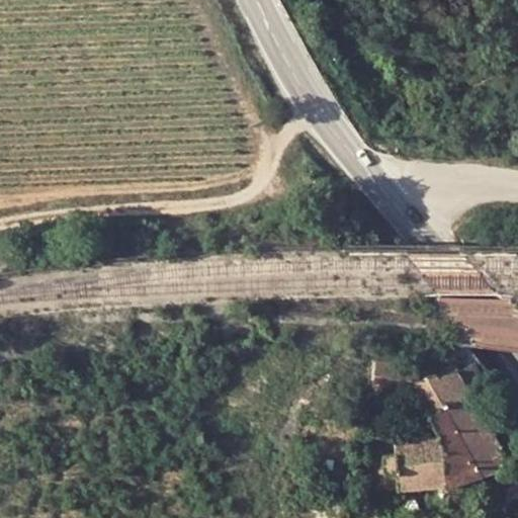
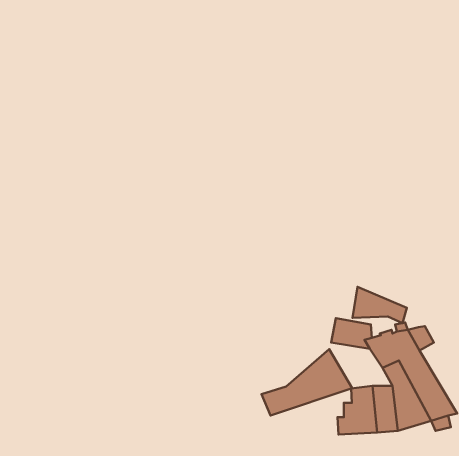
building: none -> [352,287,407,323]
building: none -> [261,349,352,415]

